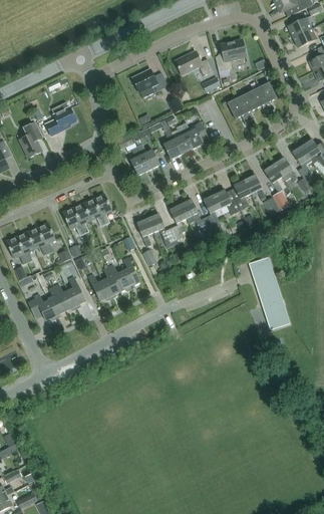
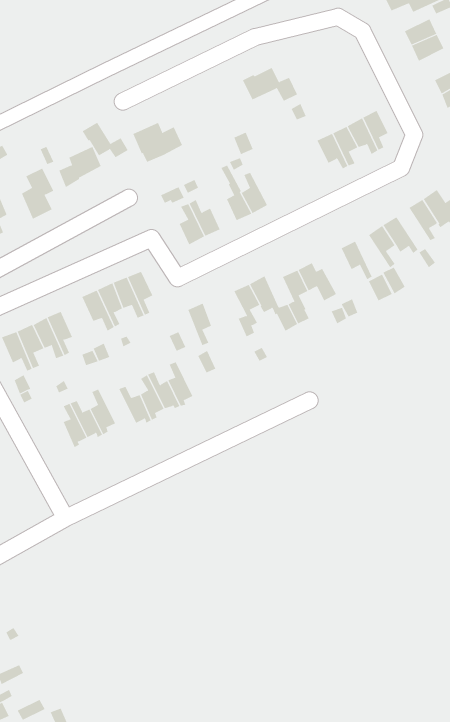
building: [216,39,246,71] -> none
building: [132,69,168,97] -> [133,122,183,162]
building: none -> [82,122,128,158]
building: [181,121,207,148] -> none
building: [231,178,251,210] -> none
building: [147,212,178,243] -> none
building: [250,257,289,328] -> none
building: [29,293,57,320] -> none

